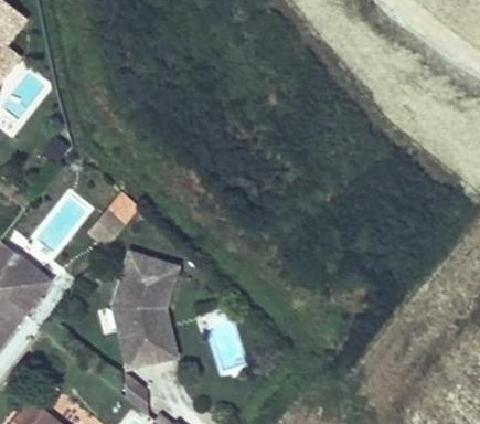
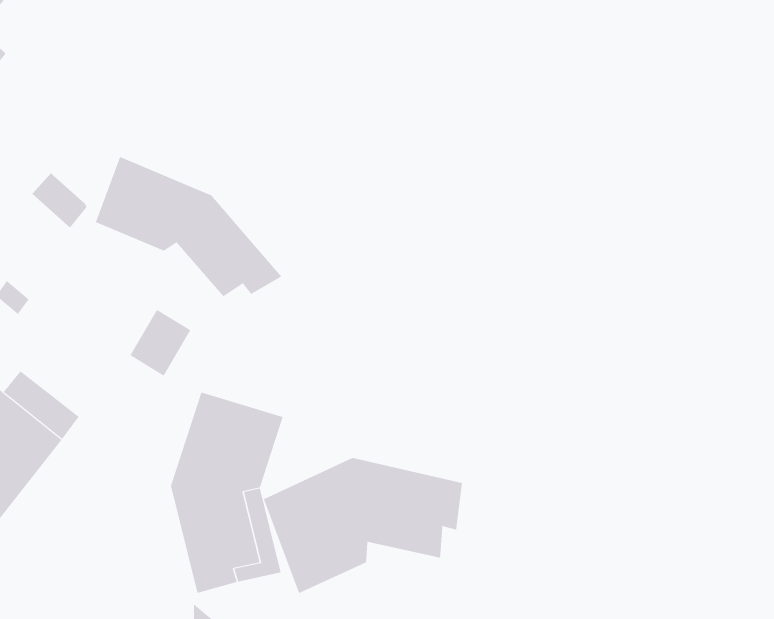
building: none -> [95,156,282,297]
building: none -> [263,457,463,594]

